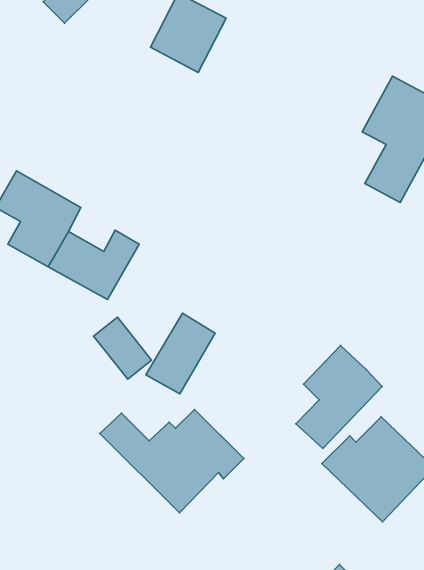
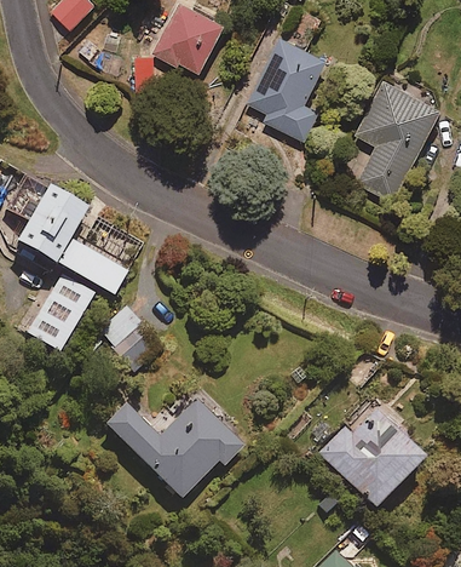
building: none -> [248,36,328,141]
building: [146,313,215,394] -> [25,274,92,351]
building: [296,345,382,449] -> none

